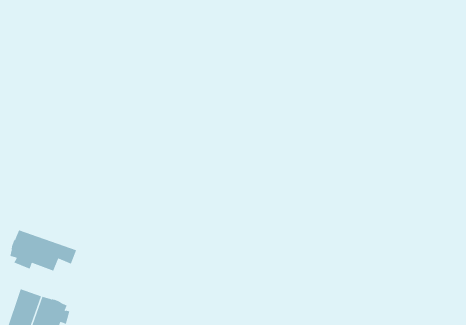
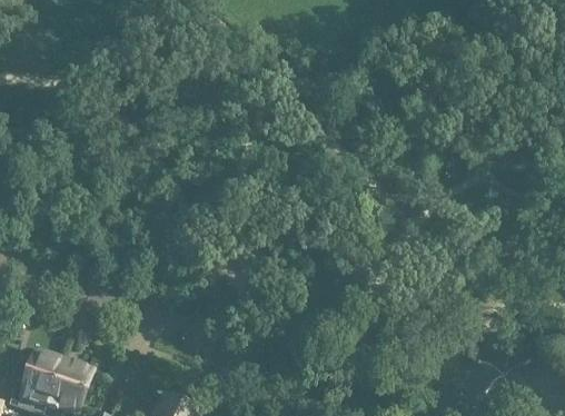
building: [10,229,77,272] -> none

